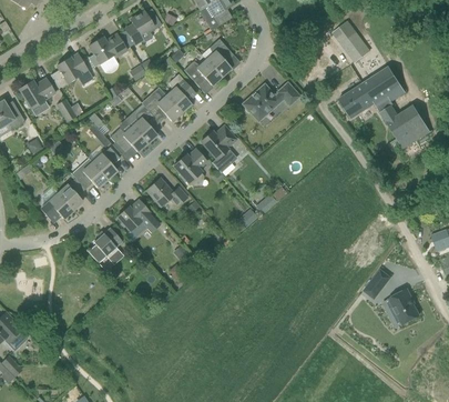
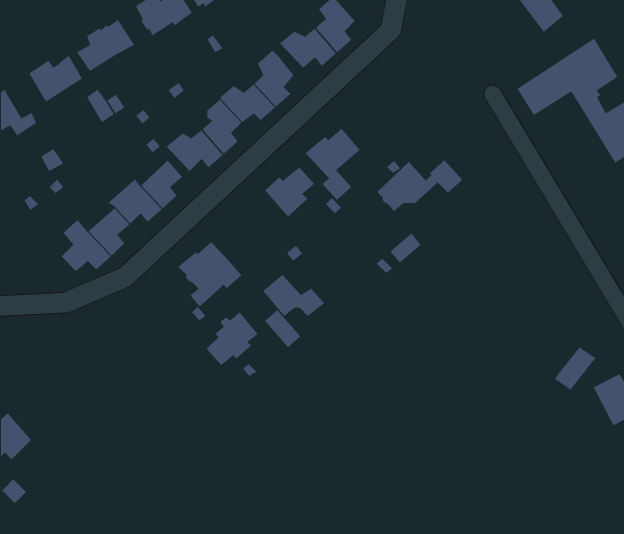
building: [243,83,299,118] -> [377,160,463,212]
building: [146,179,187,207] -> [262,274,325,317]
building: [88,228,122,263] -> [206,312,258,366]

